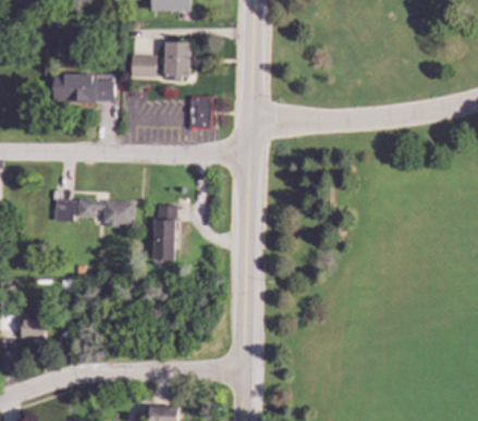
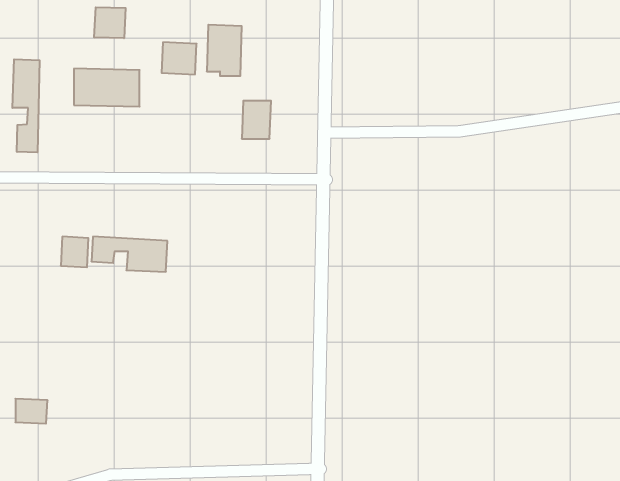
building: none -> [94,7,126,38]
building: none -> [12,59,40,152]
building: [150,203,175,260] -> none

